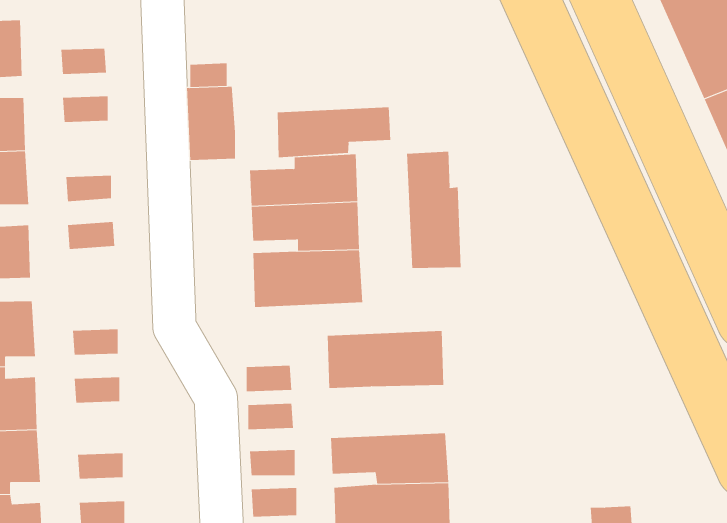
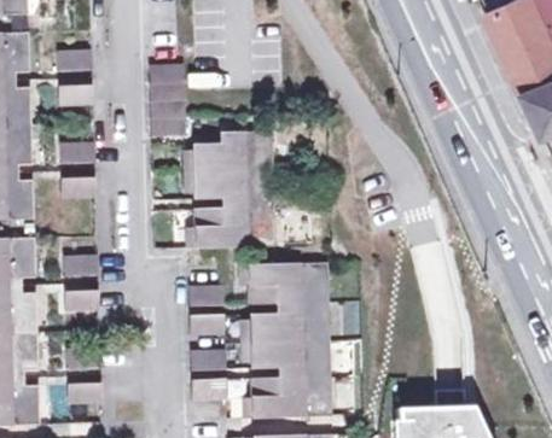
building: [277,107,391,158] -> none
building: [406,151,461,269] -> none
building: none -> [246,300,332,339]

